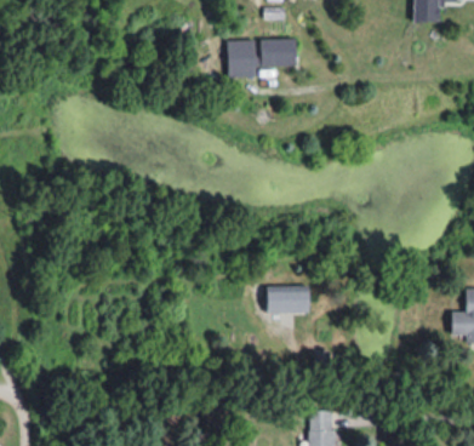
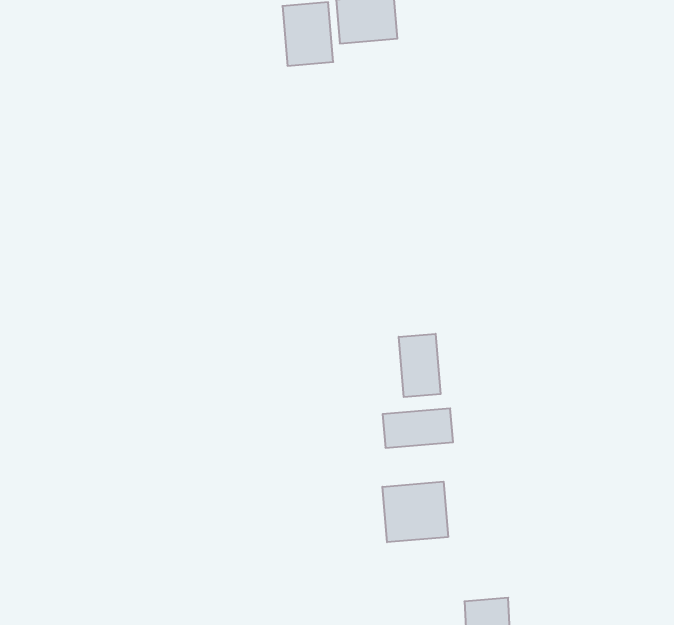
building: none -> [399,334,441,397]
building: none -> [382,482,448,542]

